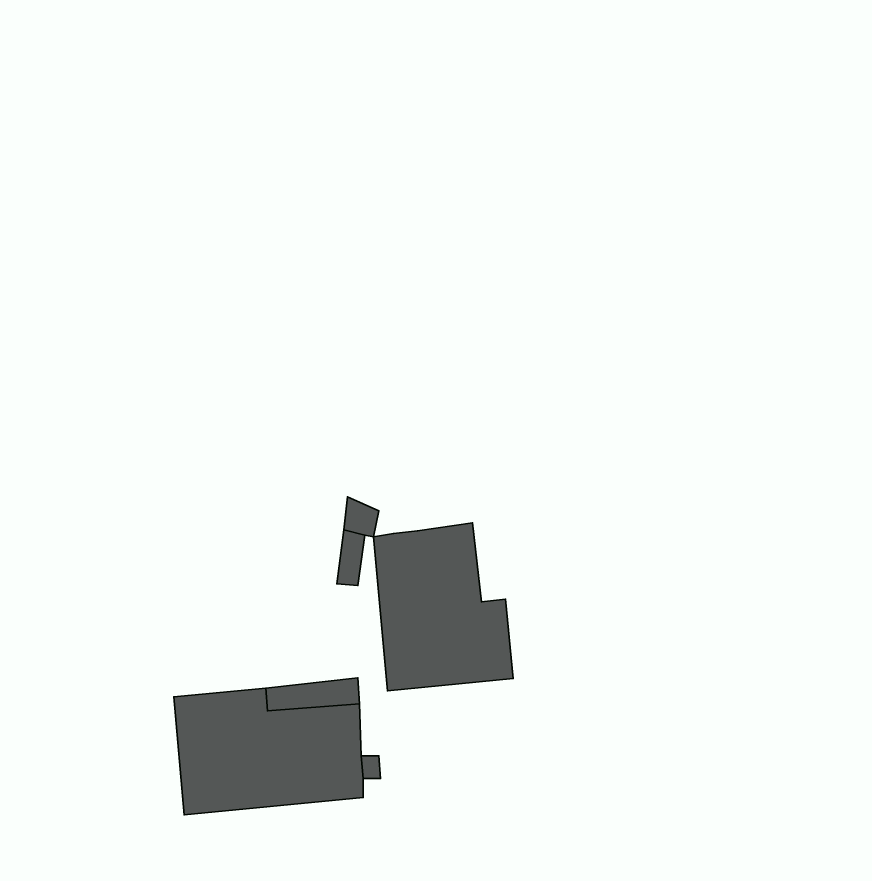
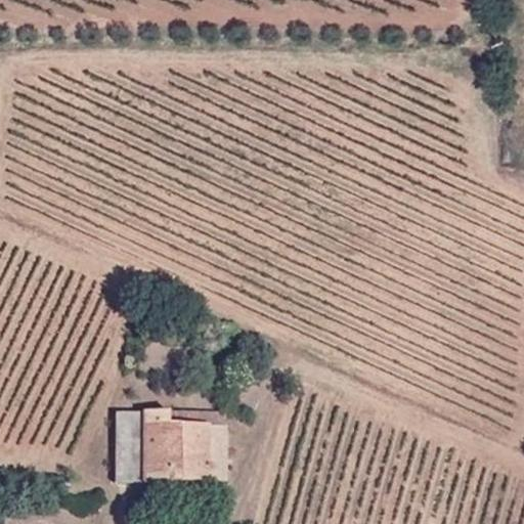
building: [373,523,513,691] -> none

